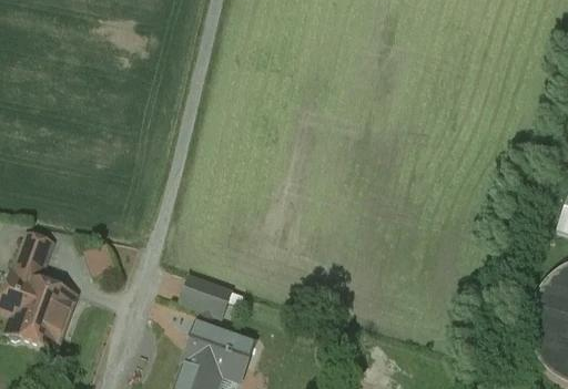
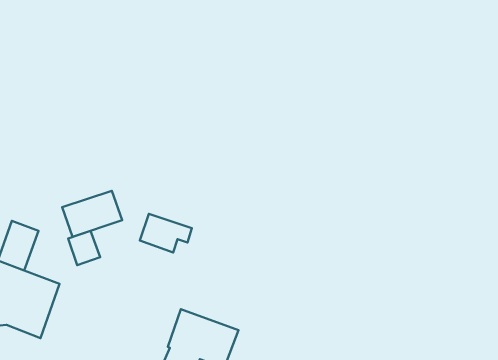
building: none -> [62,191,122,237]
building: [181,275,233,314] -> [140,214,192,253]

